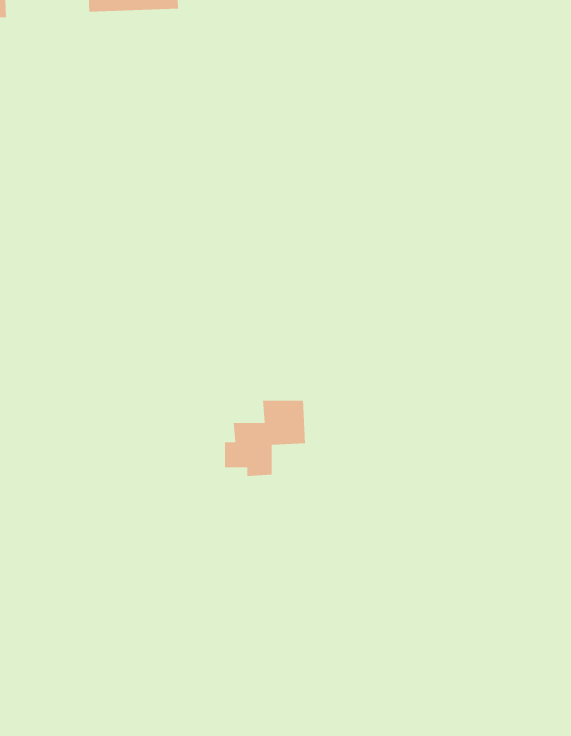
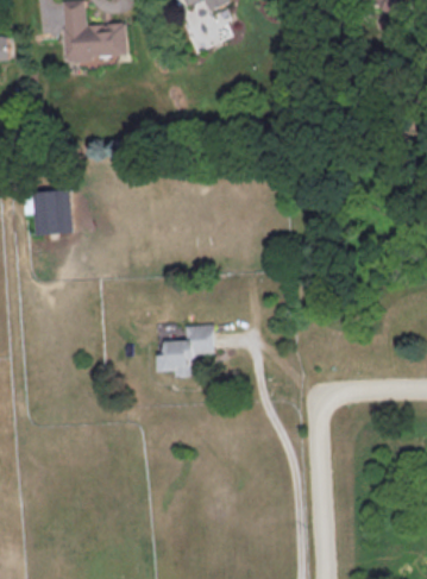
building: none -> [36,190,70,234]

